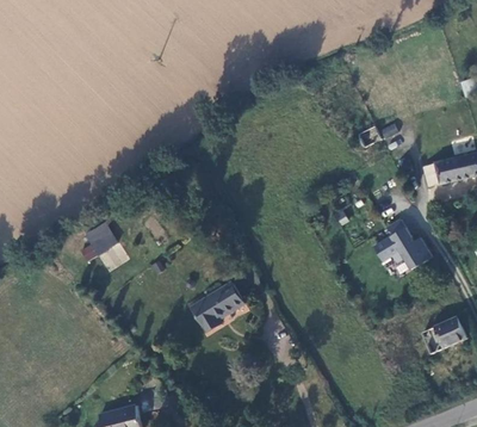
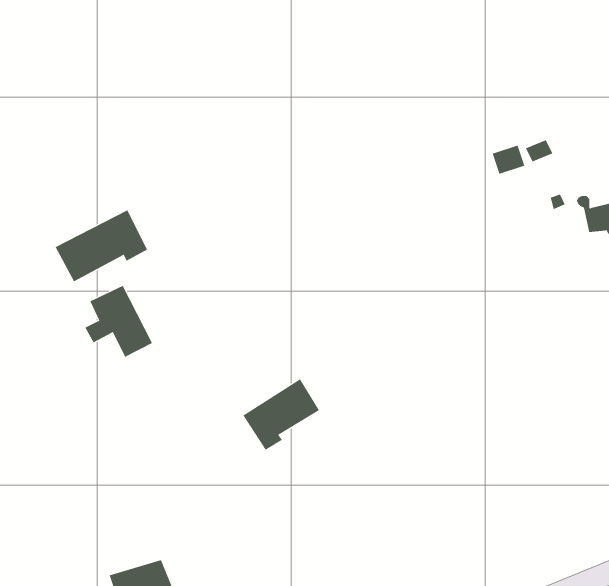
building: none -> [55,209,148,282]
building: [374,217,433,267] -> none

